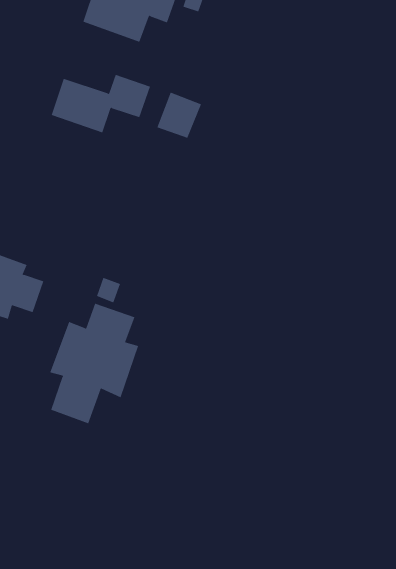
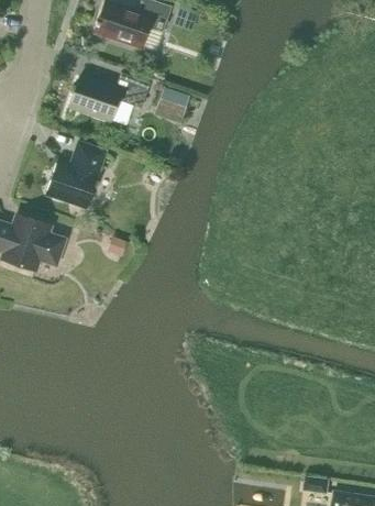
building: none -> [47,143,106,208]
building: [49,303,139,424] -> none

